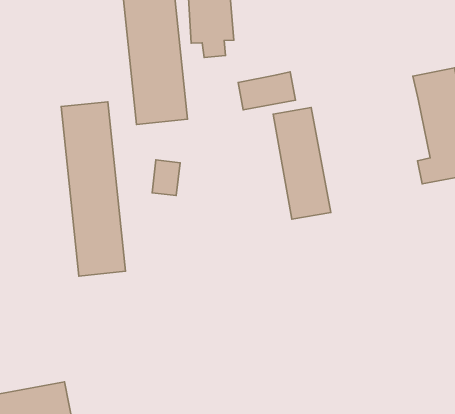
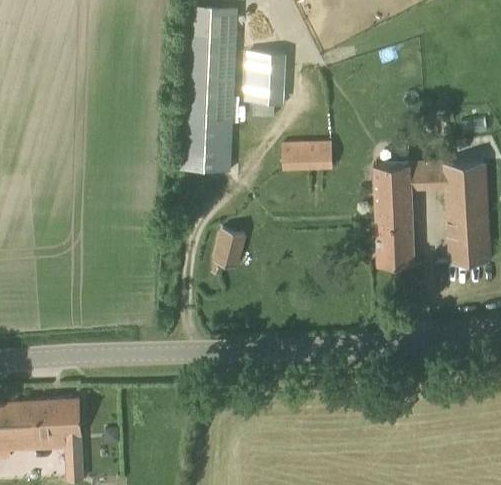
building: [61,102,125,276] -> none
building: [273,108,331,219] -> [375,166,415,267]
building: [152,160,180,196] -> [215,232,245,268]

